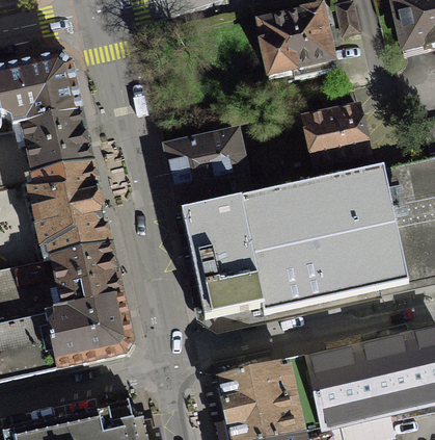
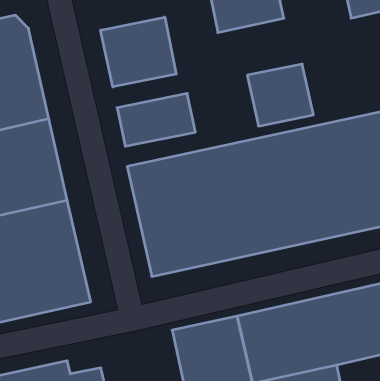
building: none -> [101,17,176,87]

